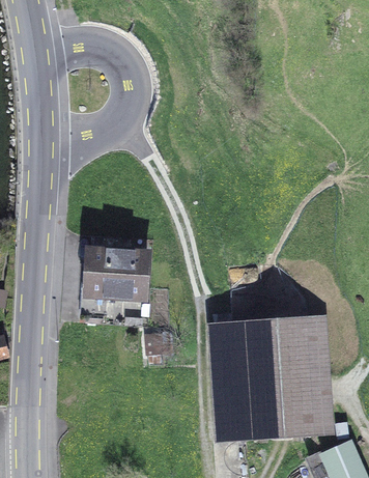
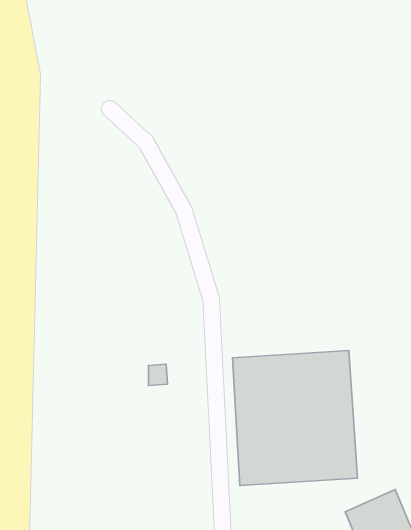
building: [90,249,151,314] -> none

